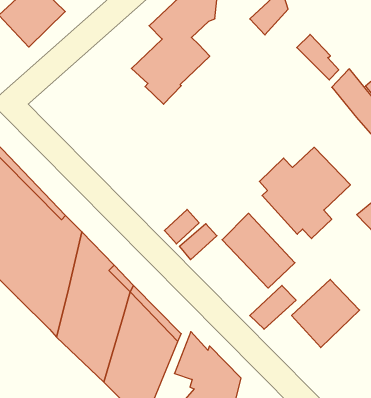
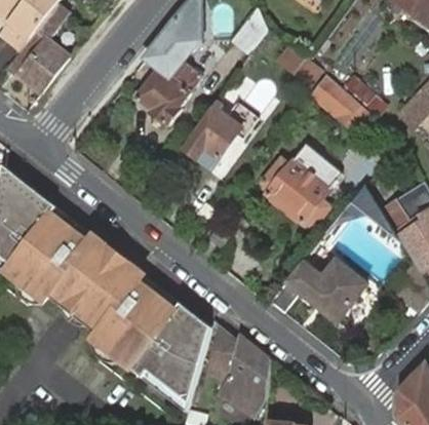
building: none -> [181,101,240,169]
building: [222,213,295,288] -> none

